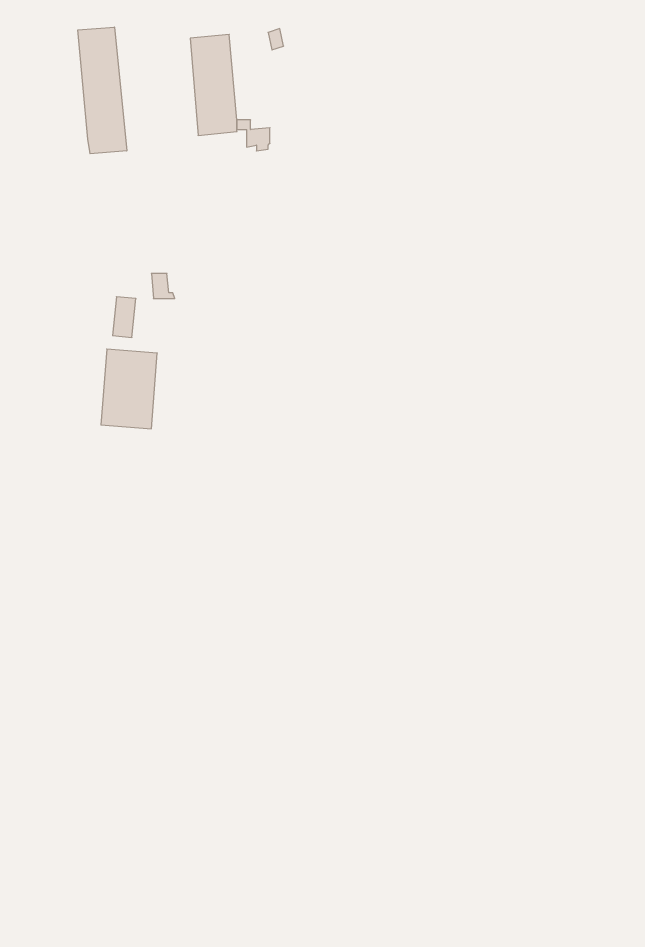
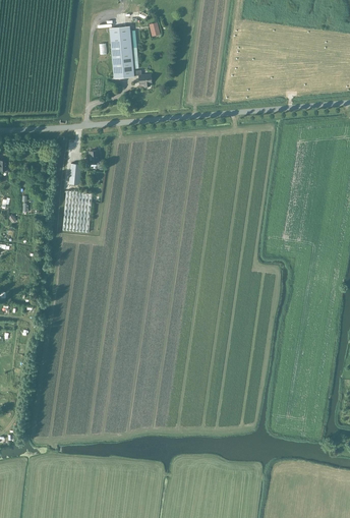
building: [78,27,127,154] -> none

